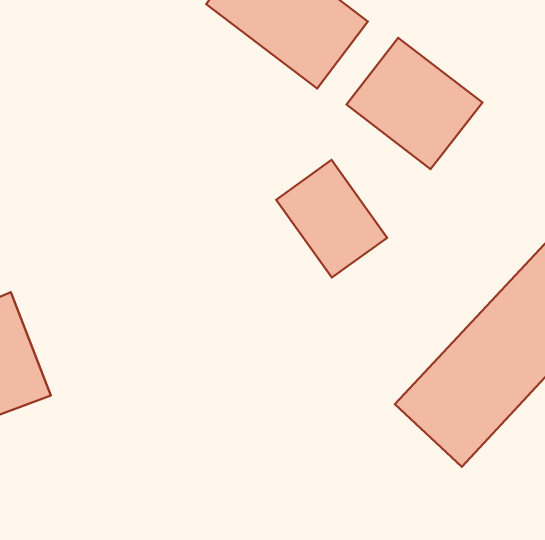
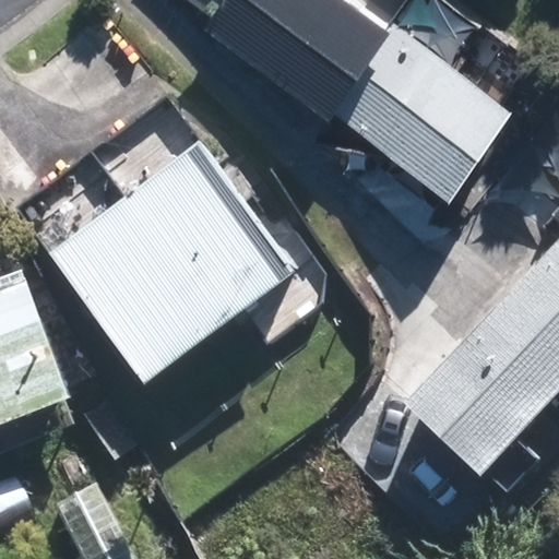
building: [276,160,387,278] -> none
building: none -> [68,170,273,373]

